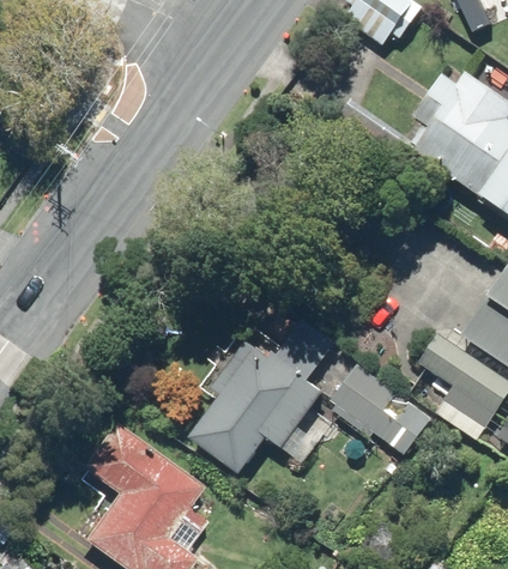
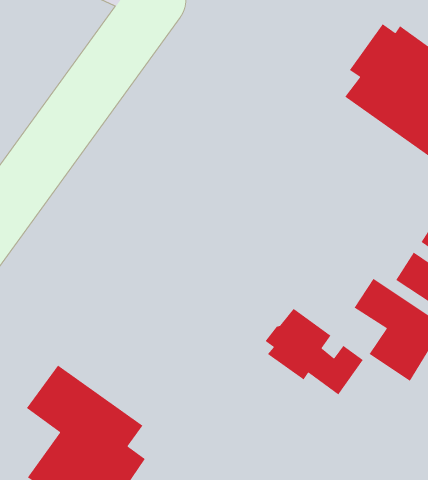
building: [192,319,337,474] -> none

